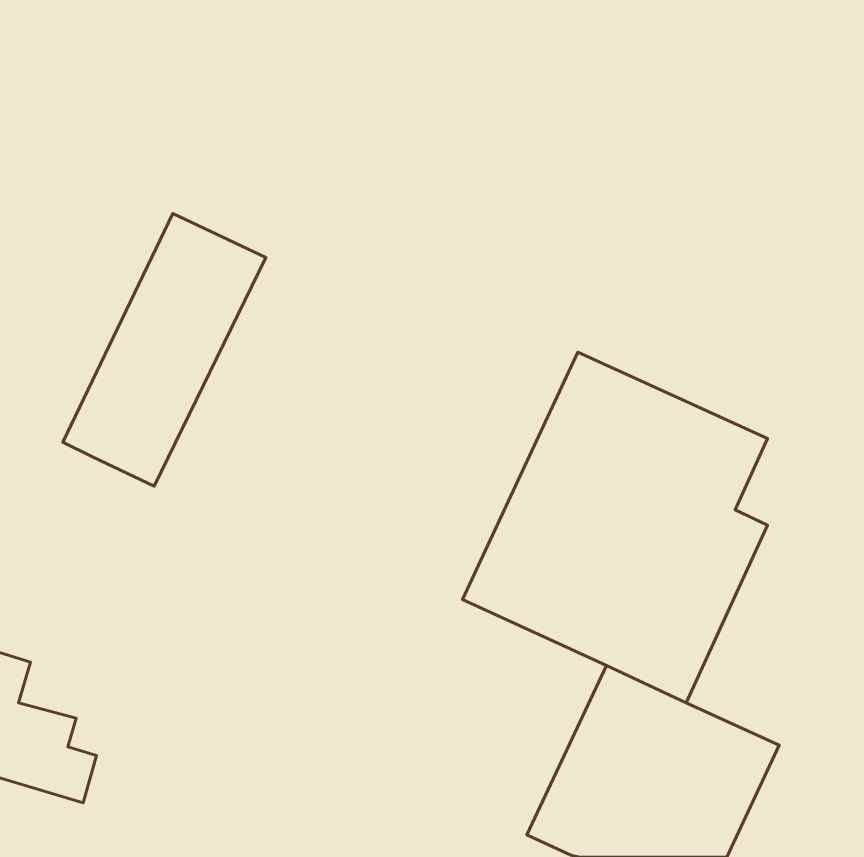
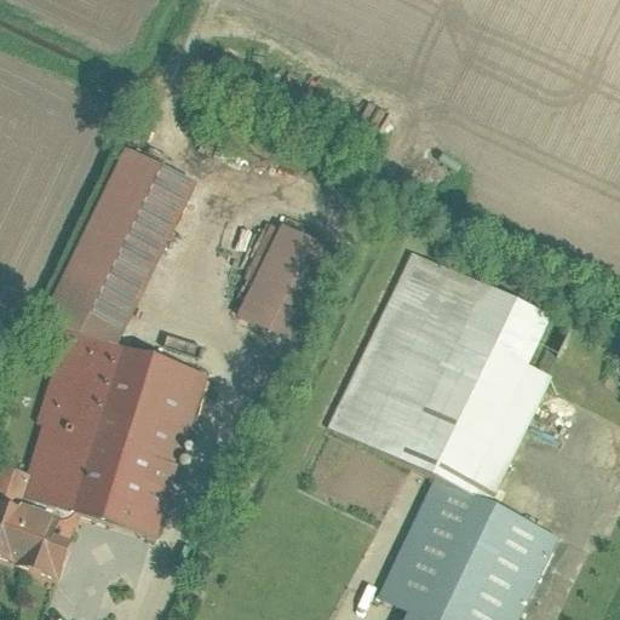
building: none -> [237,224,328,335]
building: none -> [21,327,203,533]

